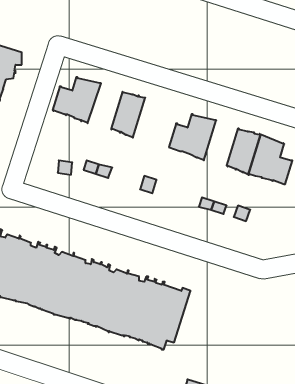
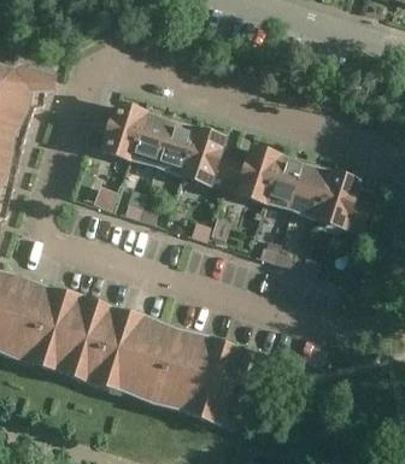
building: none -> [129,111,170,164]
building: none -> [182,128,233,186]
building: none -> [265,154,305,207]

